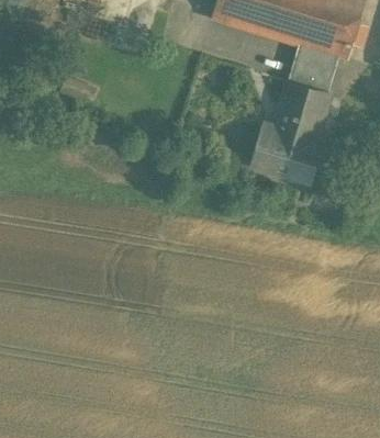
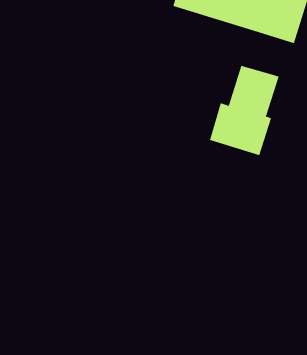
building: [289,44,346,93] -> none

